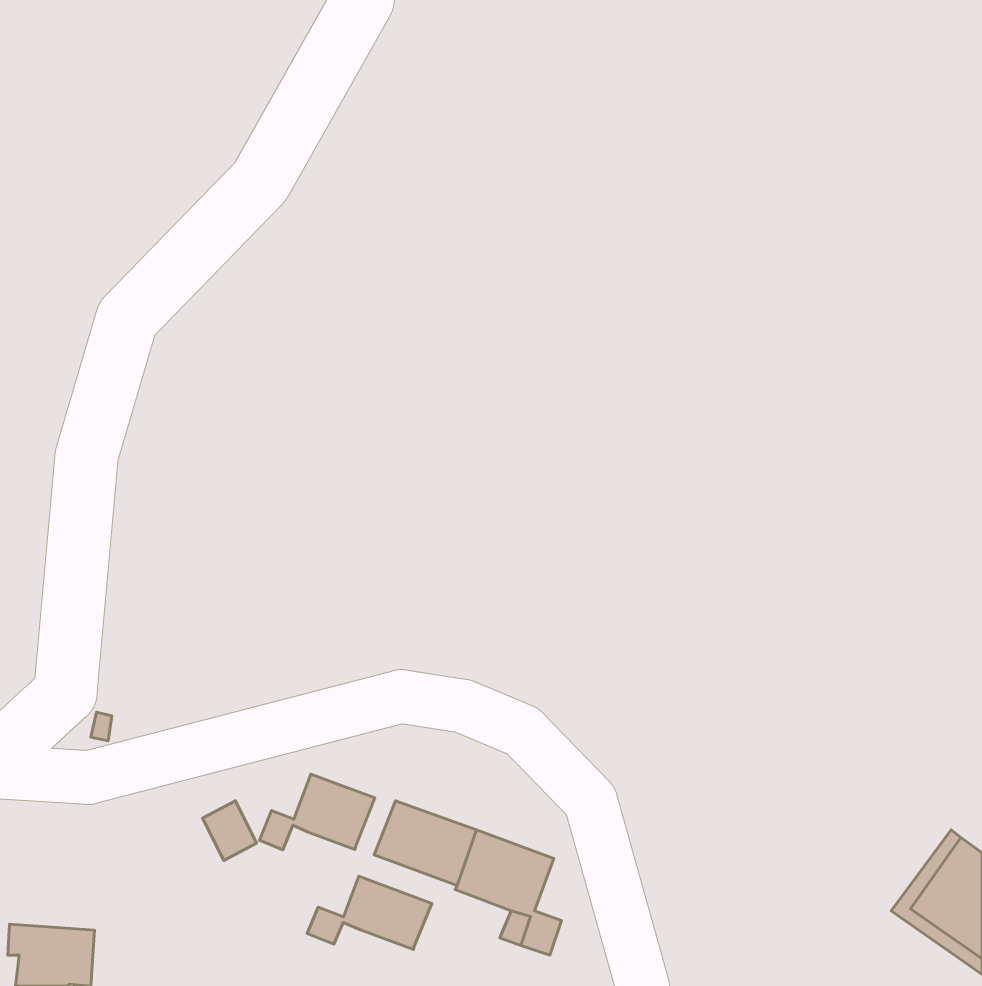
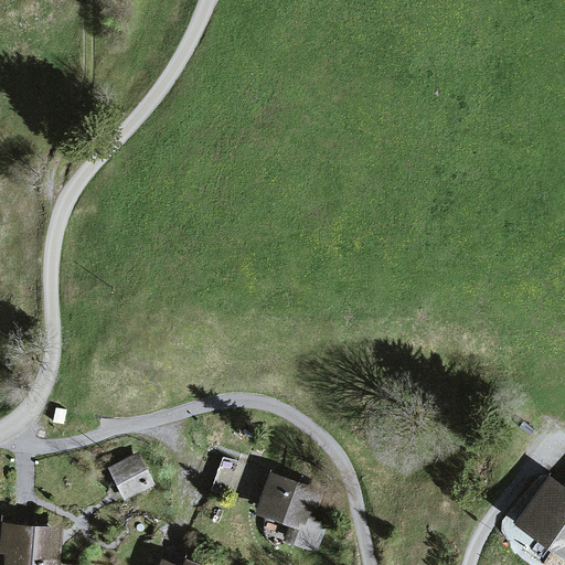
building: [259,774,375,850] -> none
building: [307,876,432,949] -> none

